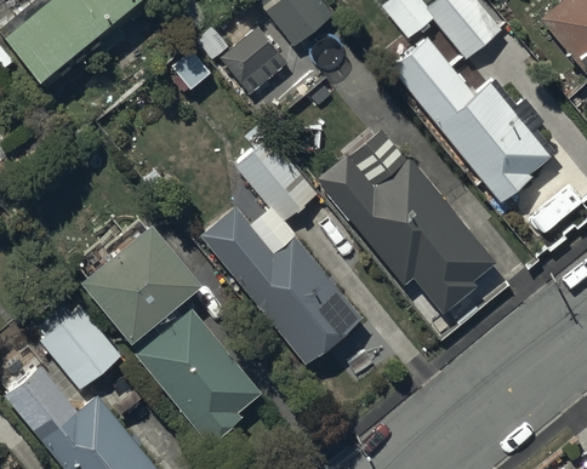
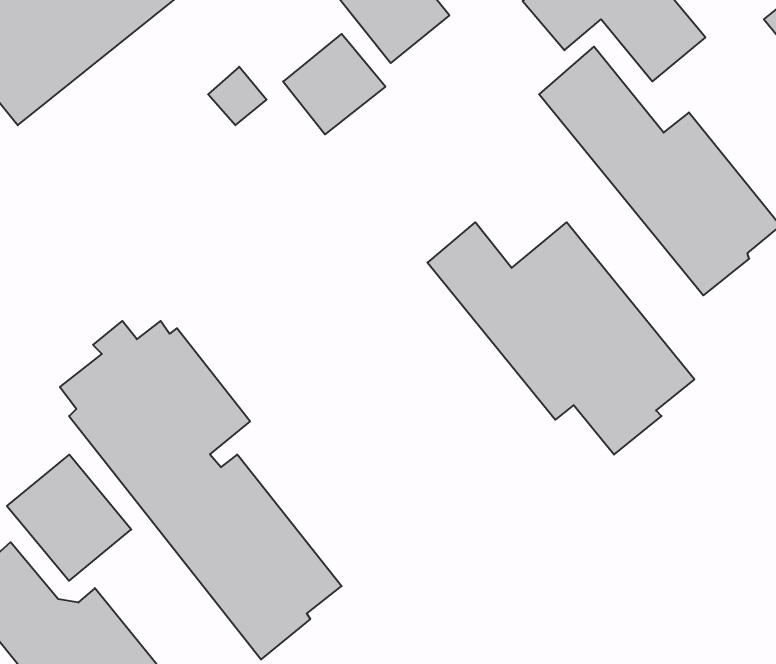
building: [236,126,318,224] -> none
building: [200,207,363,366] -> none

